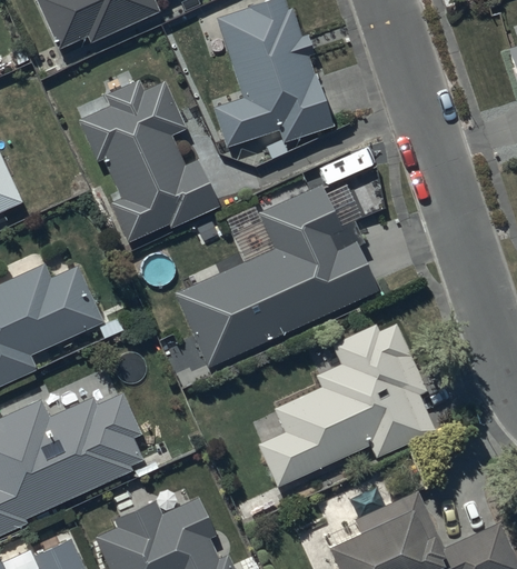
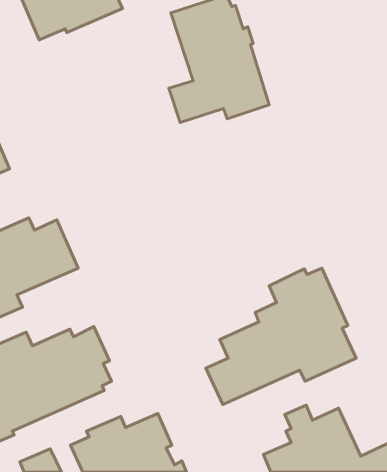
building: [78,81,218,243] -> none
building: [173,184,378,368] -> none

